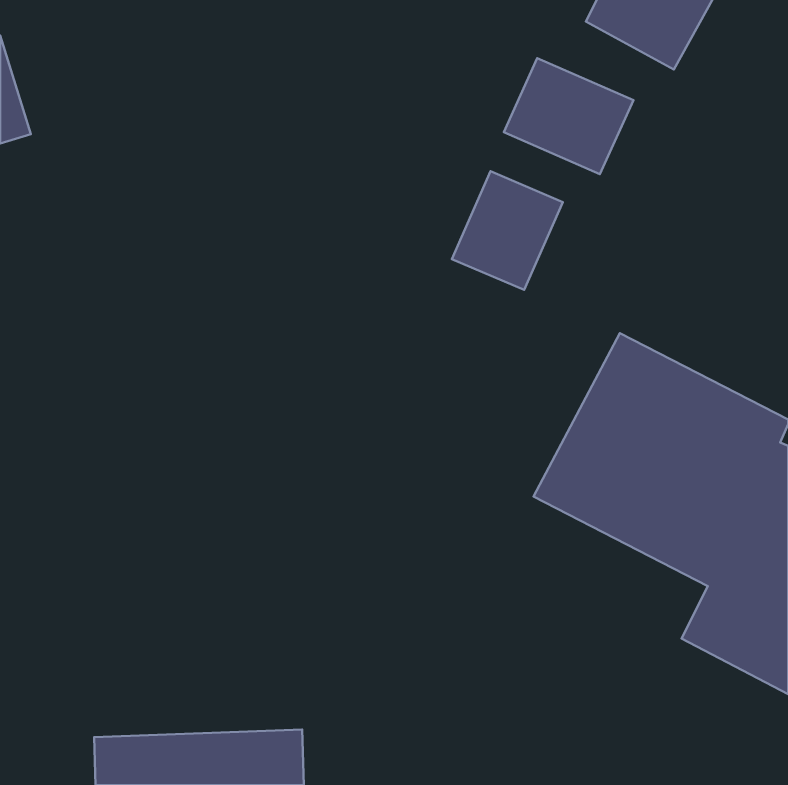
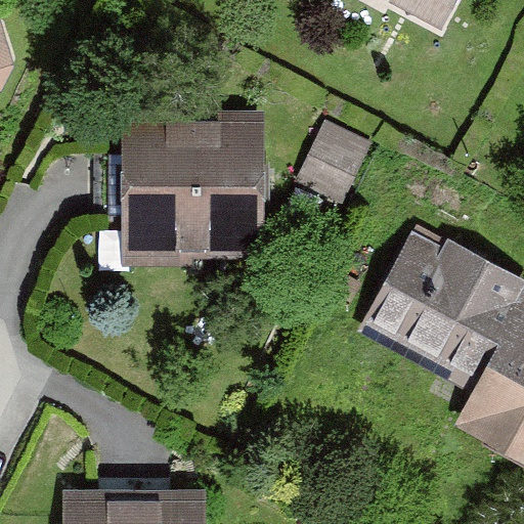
building: [504,58,633,174] -> none
building: none -> [126,123,266,276]

